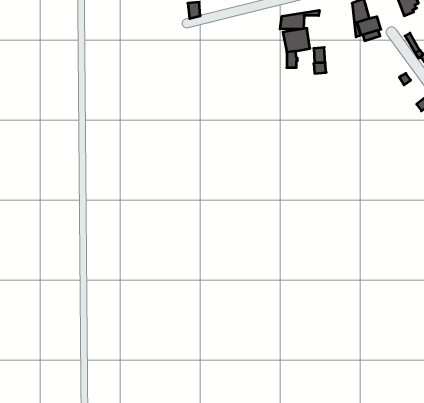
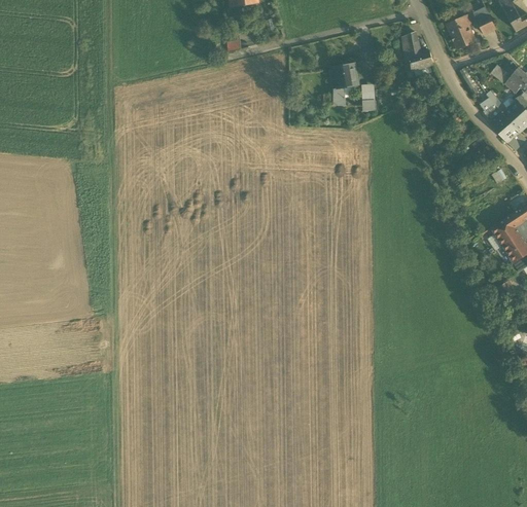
building: [280,10,319,29] -> none

